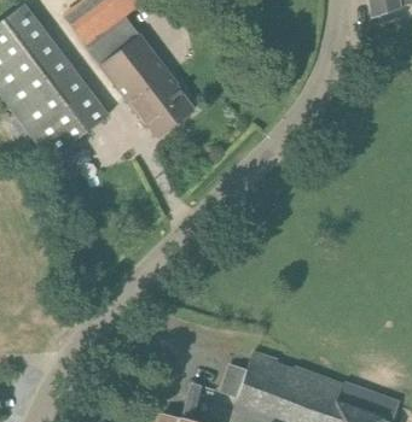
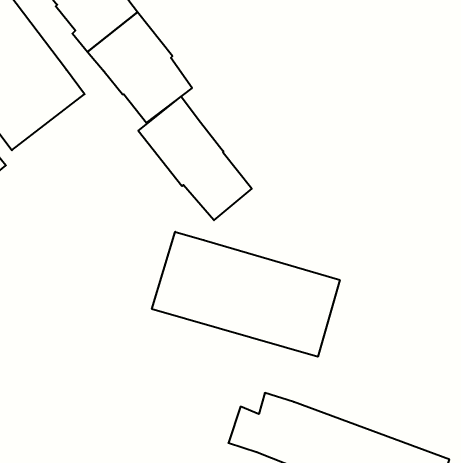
building: none -> [138,97,252,220]
building: none -> [152,232,340,357]

